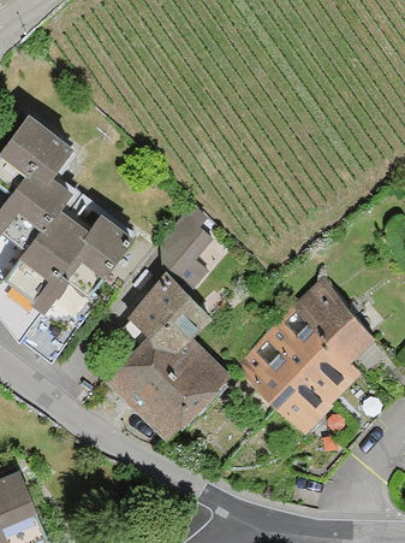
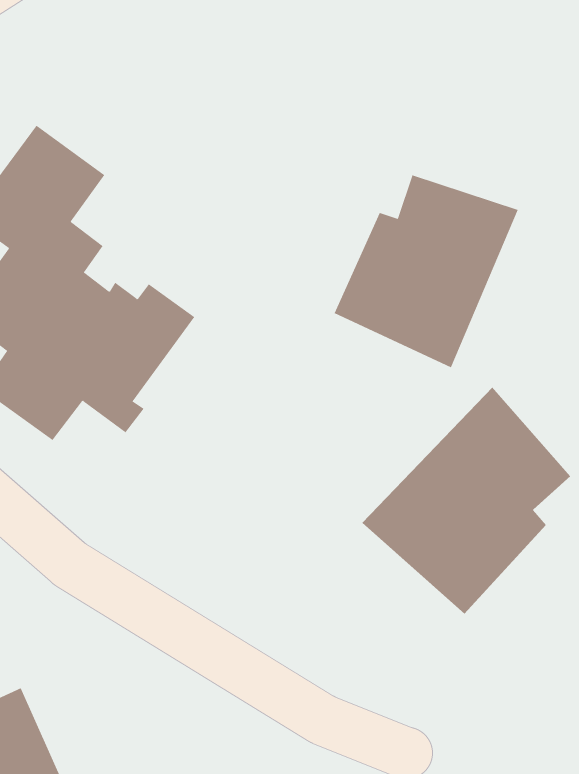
building: none -> [334,175,519,368]
building: [111,202,227,432] -> none

